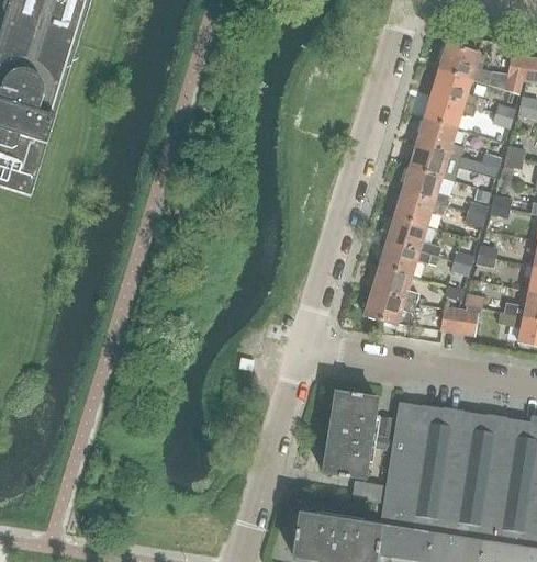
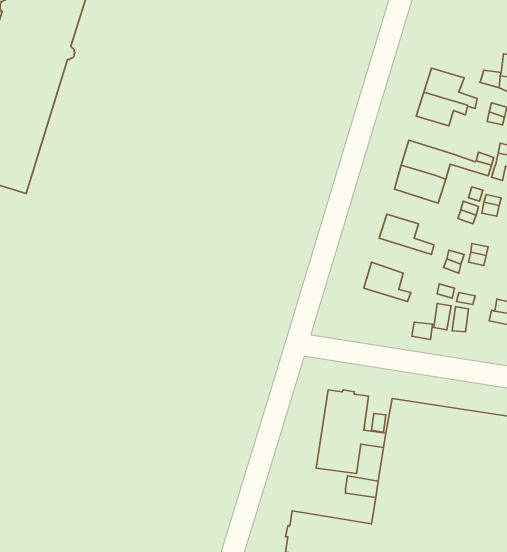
building: [438,44,485,82] -> none
building: [415,117,463,156] -> none
building: [393,191,445,226] -> none
building: [378,240,438,276] -> none
building: [362,291,414,326] -> none

